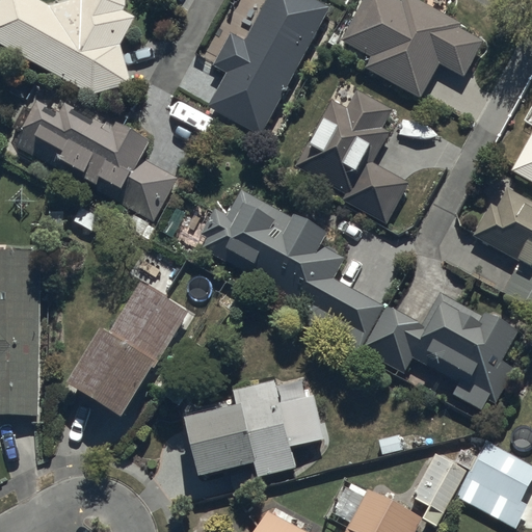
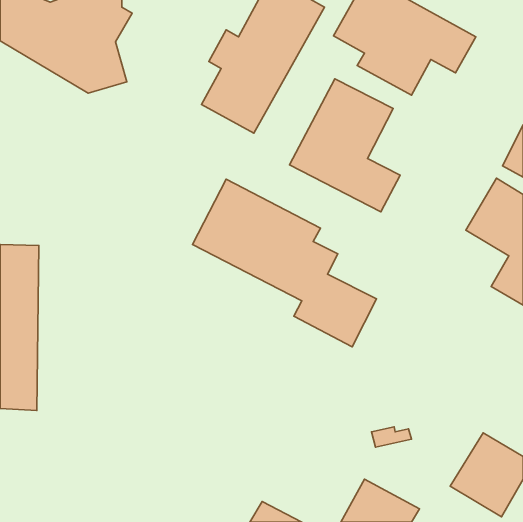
building: [15,96,177,220] -> none
building: [73,282,187,419] -> none
building: [364,286,517,411] -> none
building: [181,376,324,477] -> none
building: [409,453,466,516] -> none

